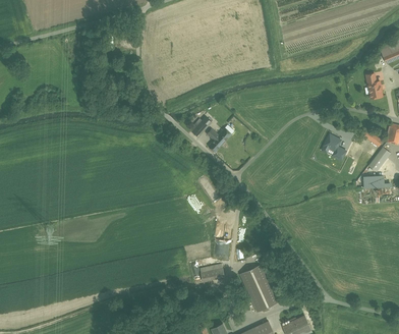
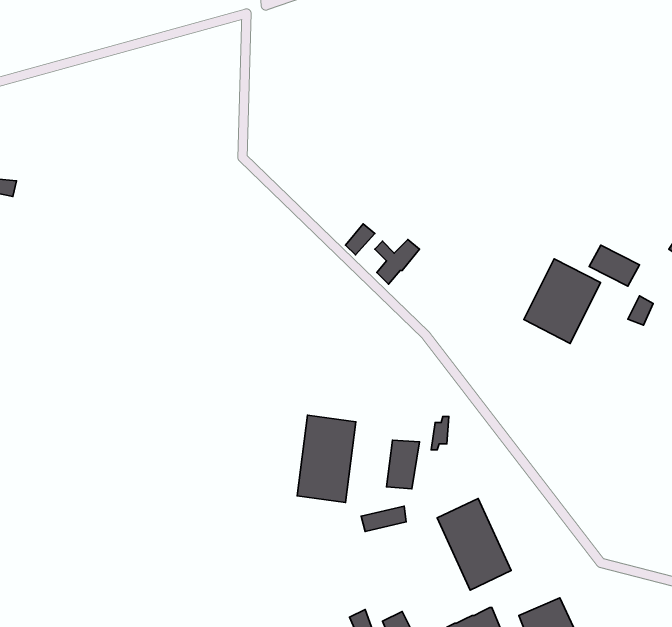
building: none -> [524,259,601,343]
building: none -> [297,415,356,503]

